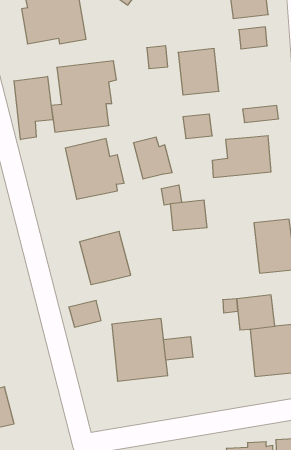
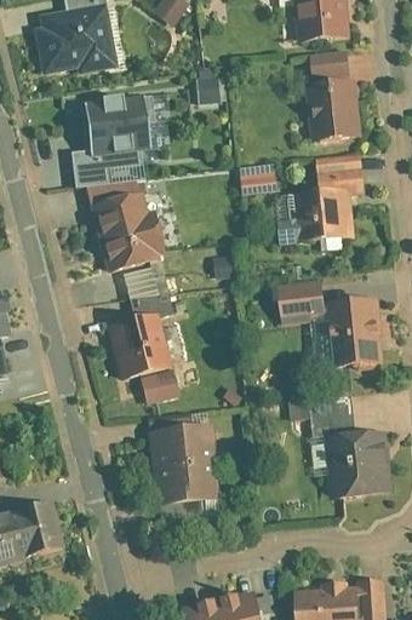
building: [178,49,219,95] -> [307,79,359,138]
building: [14,76,53,140] -> none
building: none -> [319,168,365,193]
building: [133,137,172,179] -> [122,265,172,318]
building: [170,200,207,231] -> [279,279,326,317]
building: [69,301,101,327] -> [138,368,179,402]
building: [163,337,193,360] -> none
building: none -> [12,501,64,558]

